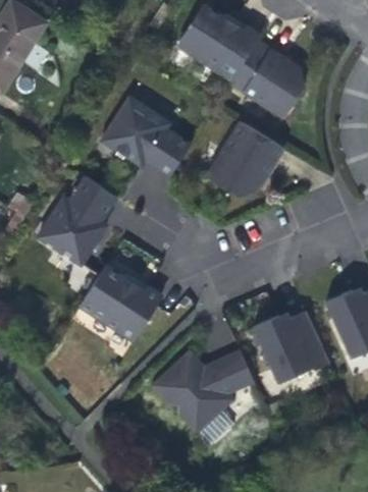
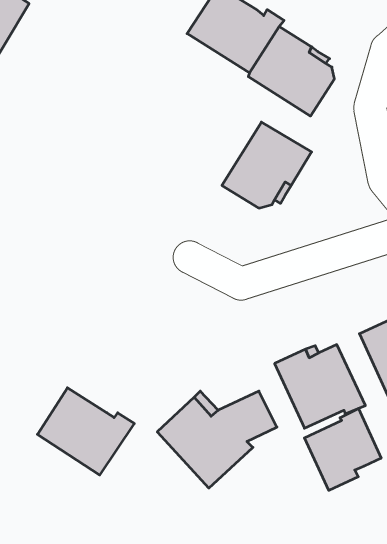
building: [101,97,190,176] -> none
building: [40,177,118,266] -> none
building: [78,266,161,340] -> [37,388,134,475]
building: none -> [304,408,381,490]

